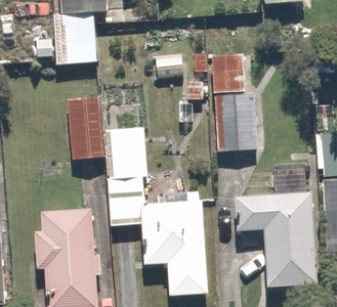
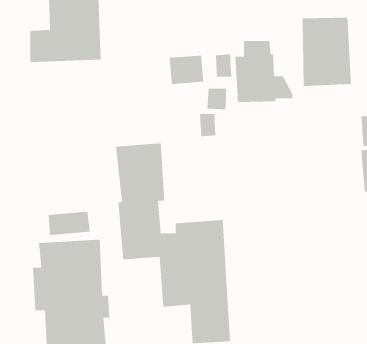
building: [212,94,254,152] -> [302,17,352,87]
building: [68,97,107,160] -> none
building: [229,163,313,289] -> none

